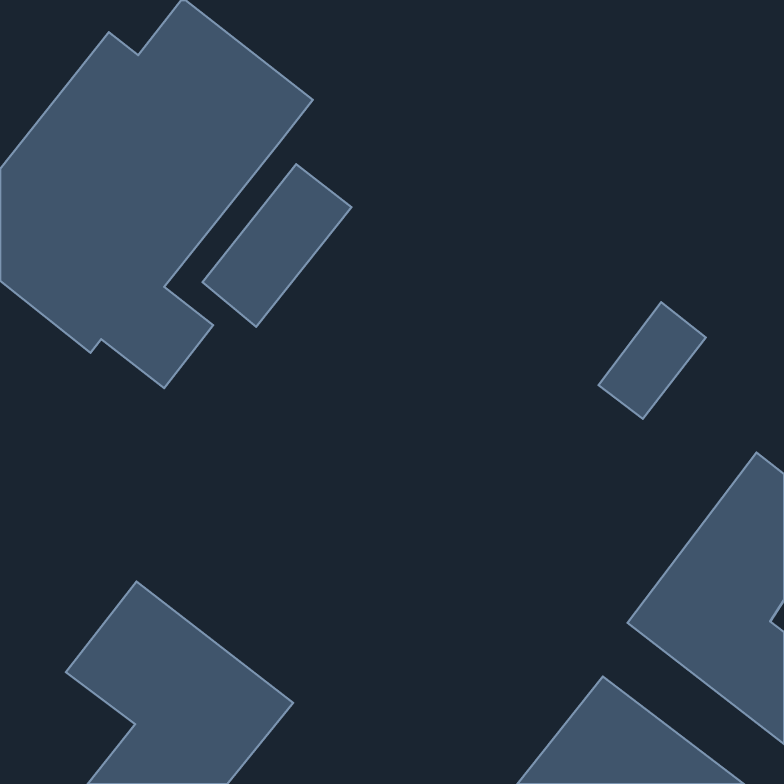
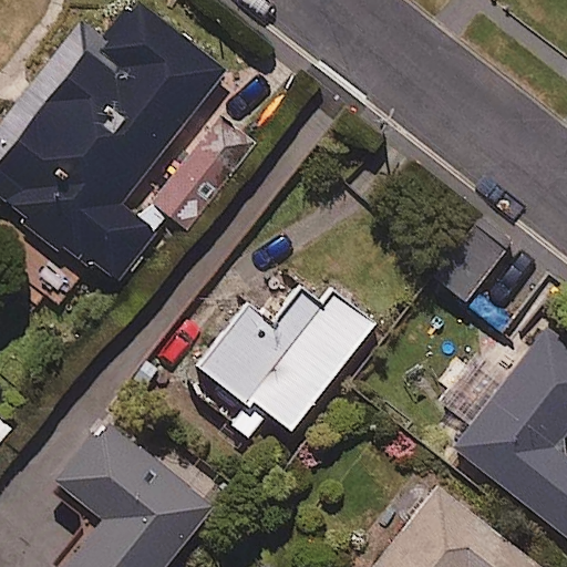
building: none -> [192,287,373,437]

